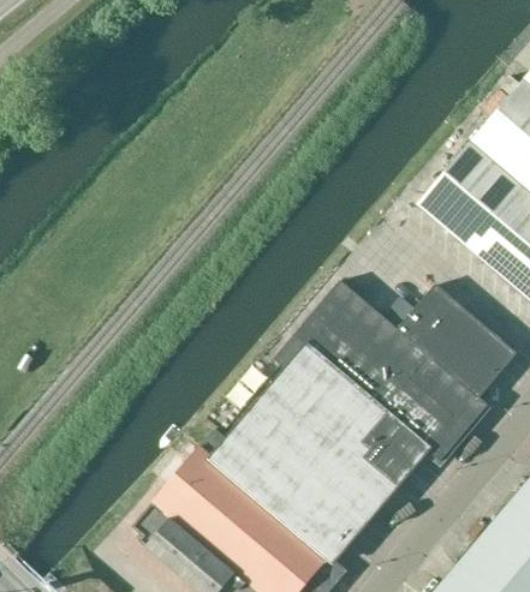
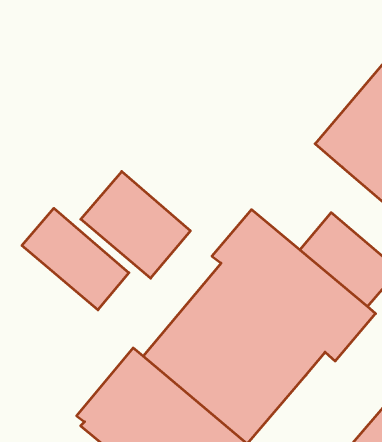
building: none -> [81,171,190,278]
building: none -> [22,208,129,310]

